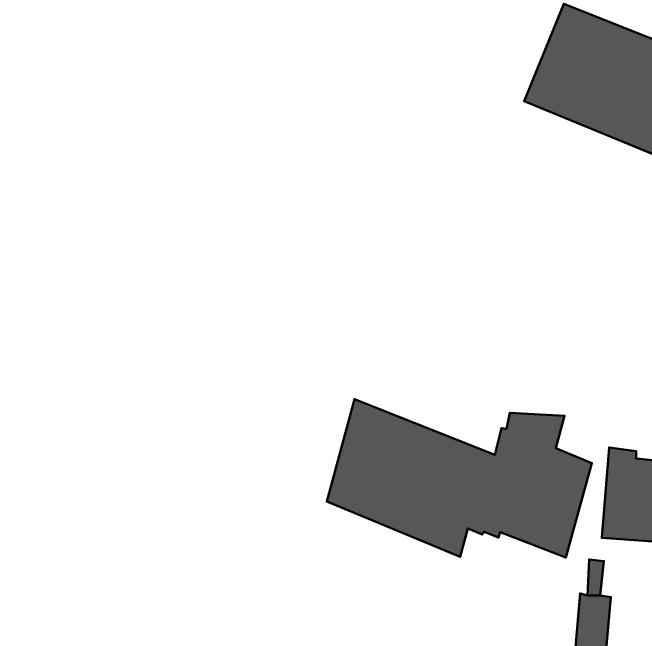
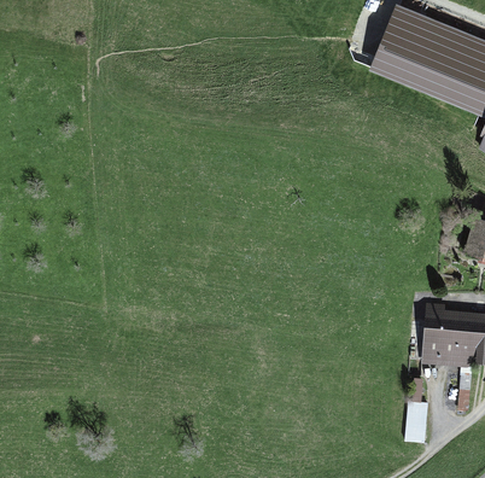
building: [327,399,592,557] -> none

